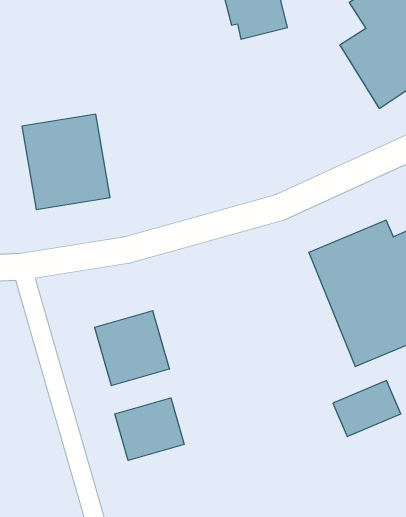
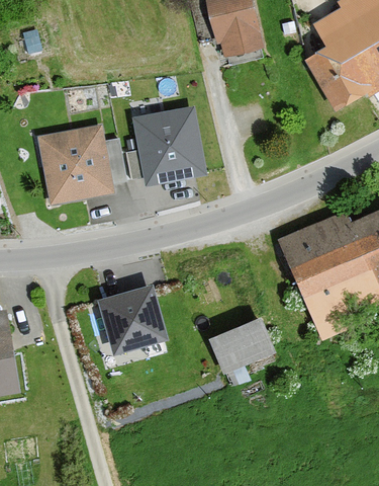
building: none -> [133,106,203,182]
building: [333,381,401,437] -> [212,322,270,370]
building: [115,398,184,460] -> none

